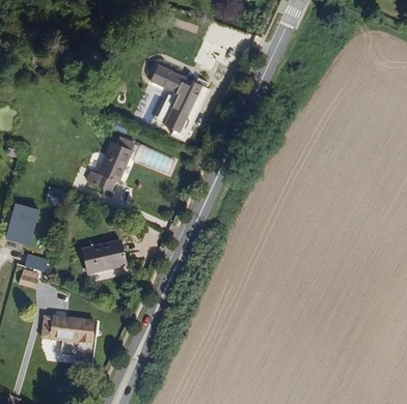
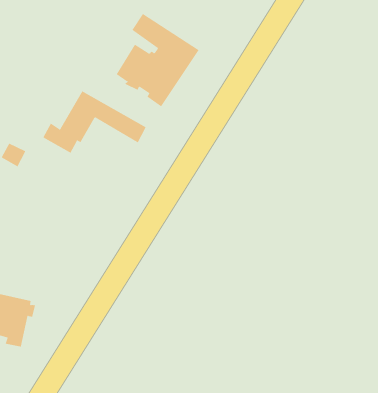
building: [83,241,126,275] -> none

